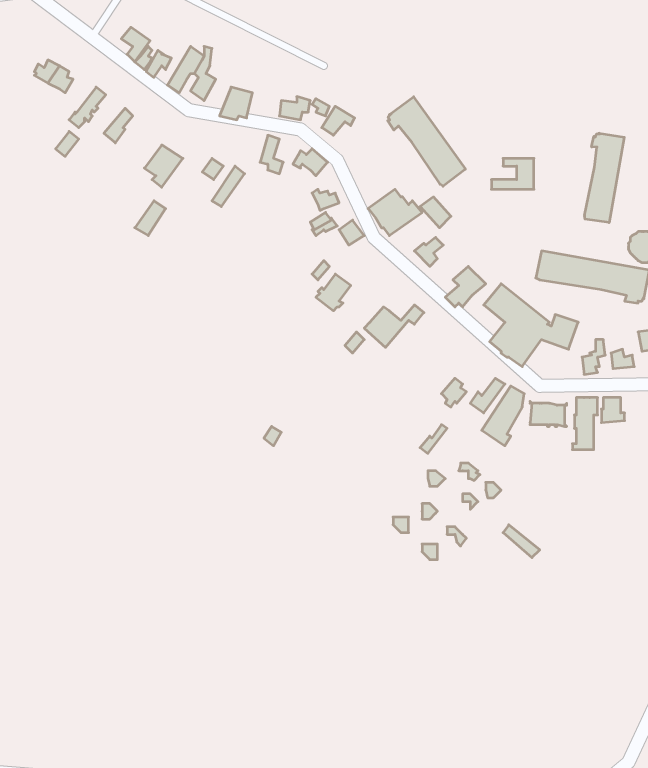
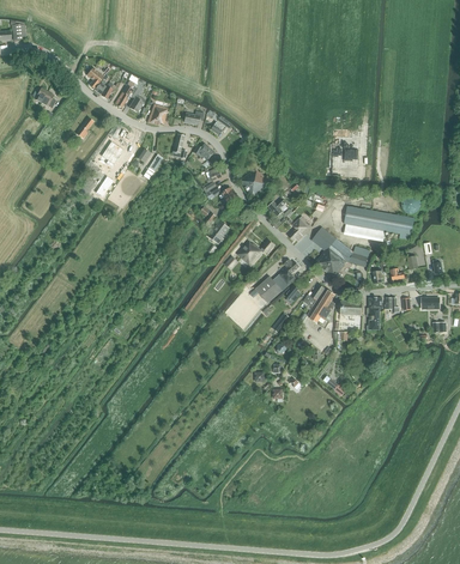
building: [388,97,465,186] -> none
building: [585,133,624,223] -> none
building: none -> [255,259,298,303]

